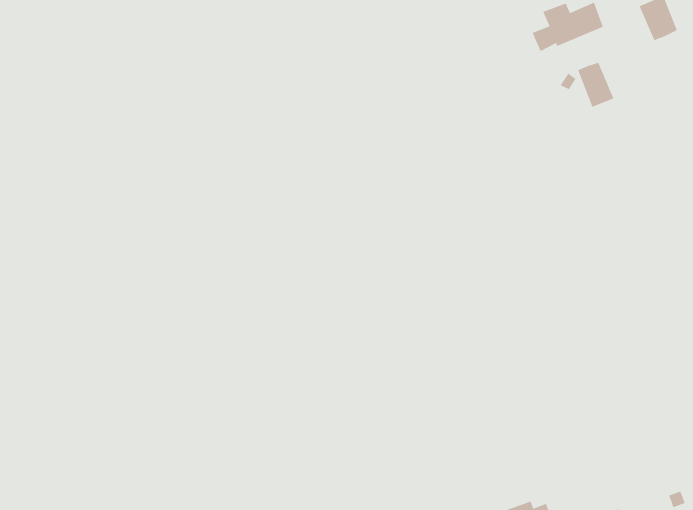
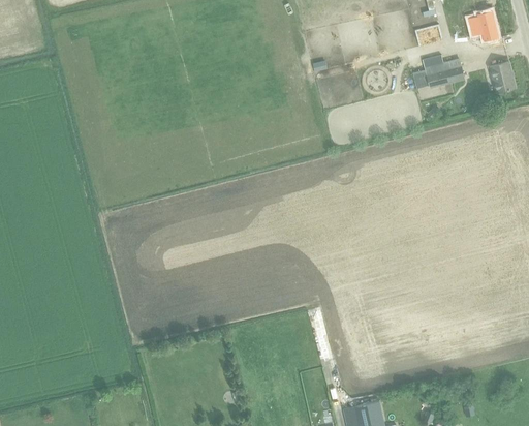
building: [577,62,615,108] -> none

